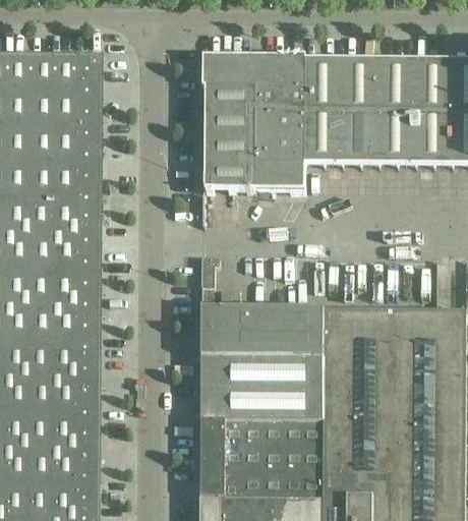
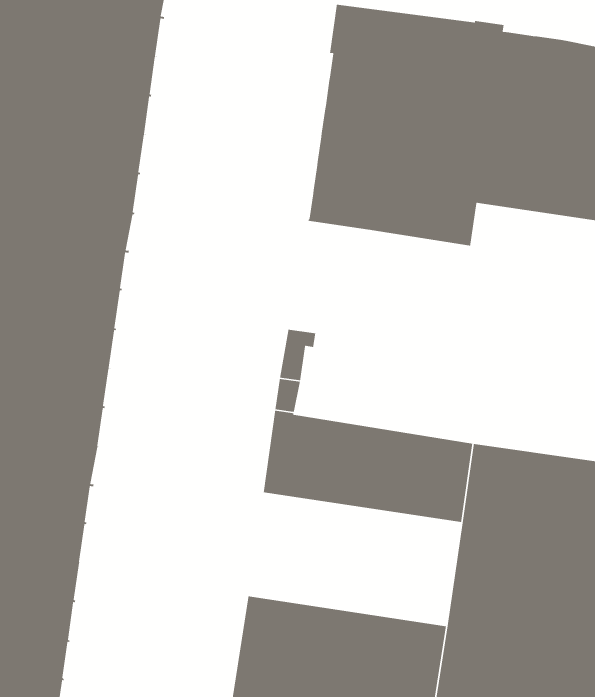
building: [201,354,324,418] -> none

